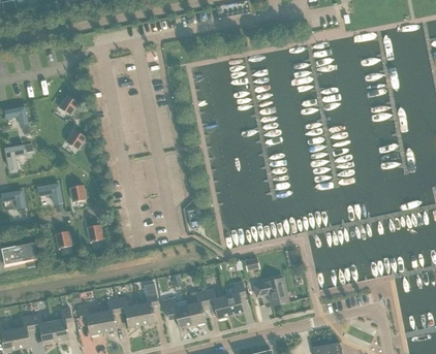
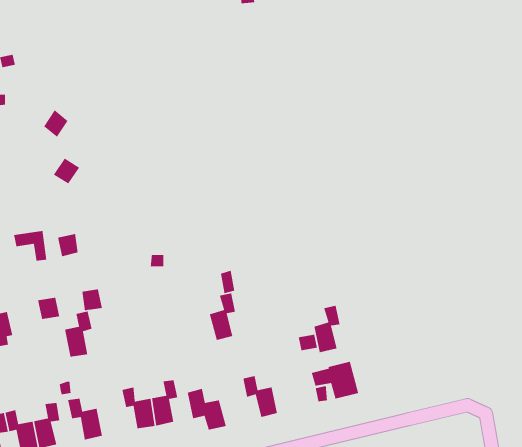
building: [225,281,245,316] -> [313,305,340,353]
building: [187,290,207,325] -> [209,292,236,341]
building: [98,298,119,332] -> [64,311,92,358]

